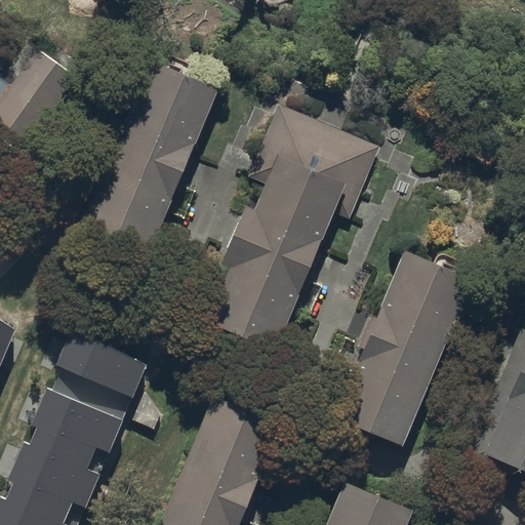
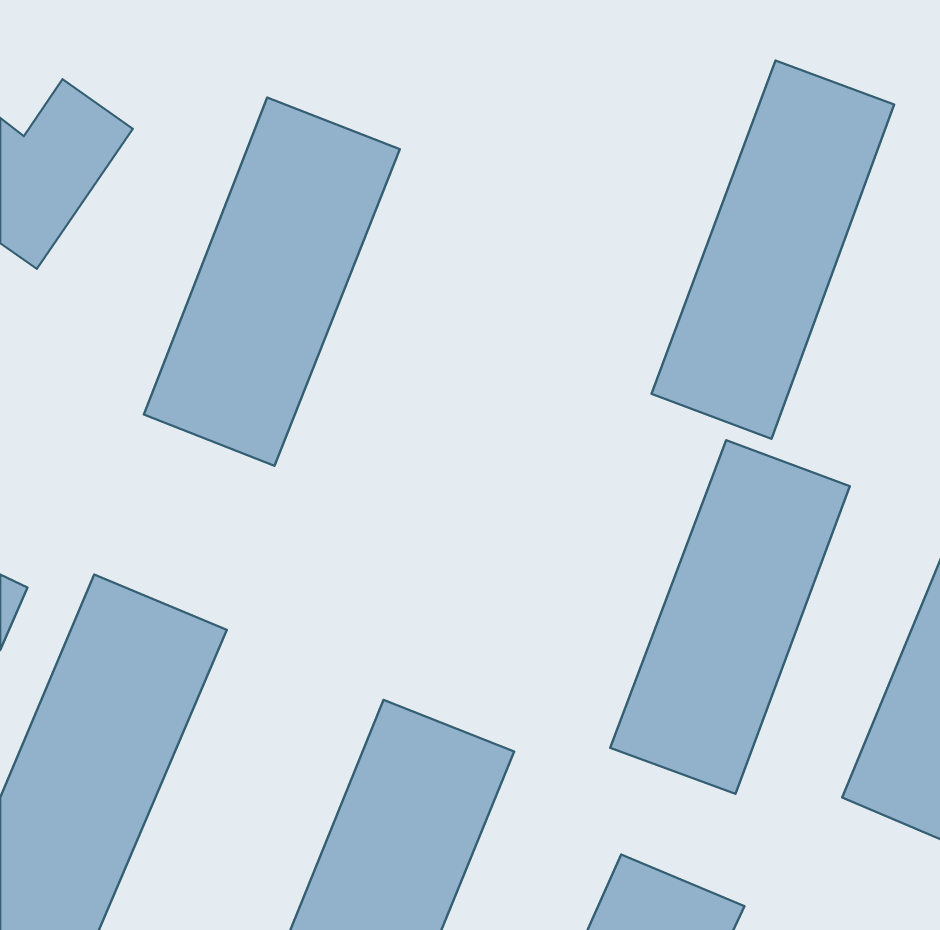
building: none -> [652,61,894,439]
building: [208,107,380,349] -> none

